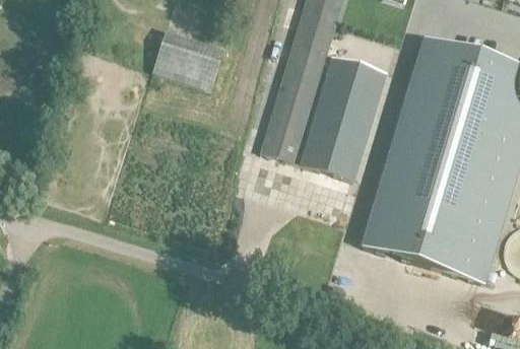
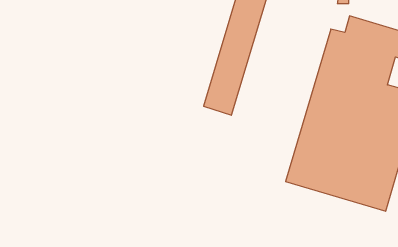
building: [141,27,217,88] -> none
building: [299,55,388,181] -> none

